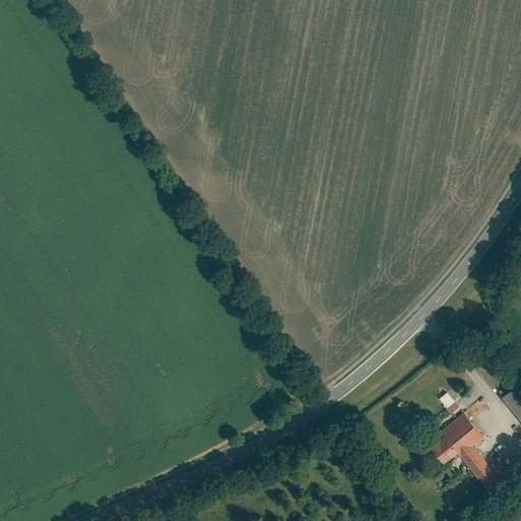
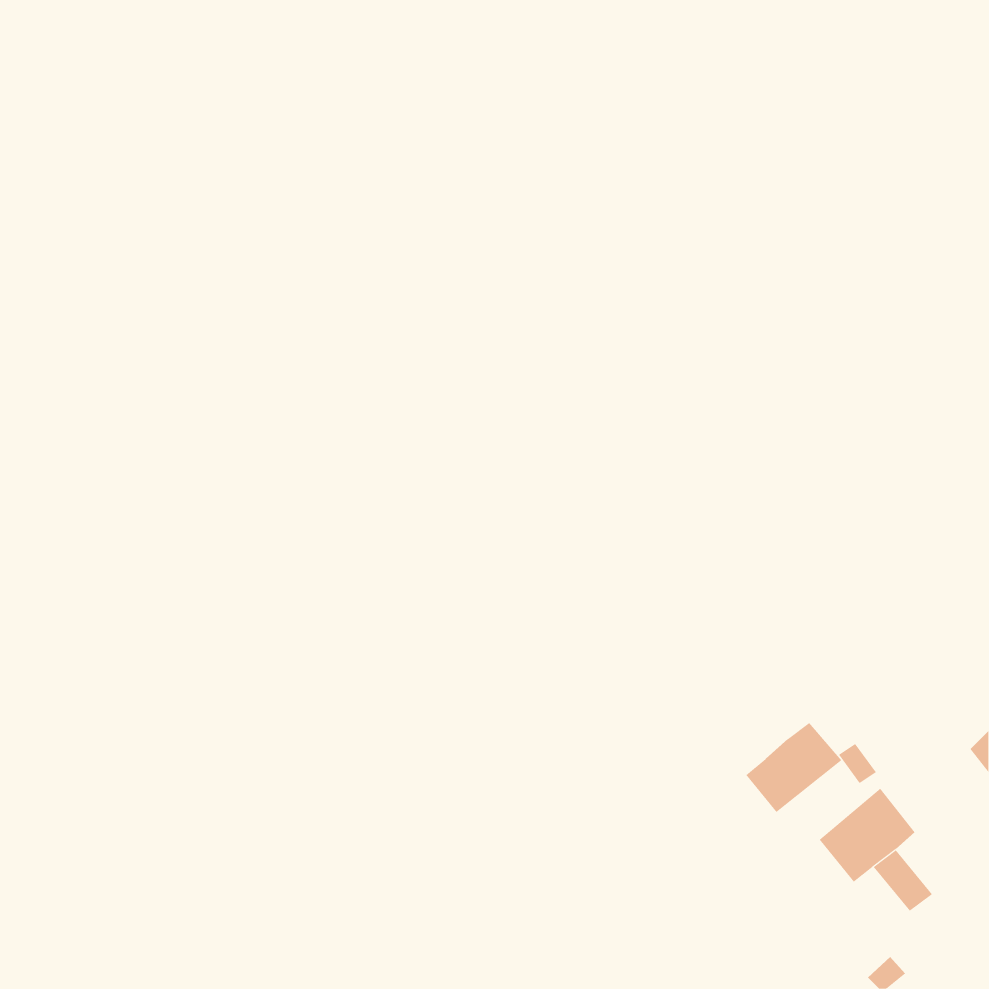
building: none -> [745,722,842,813]

